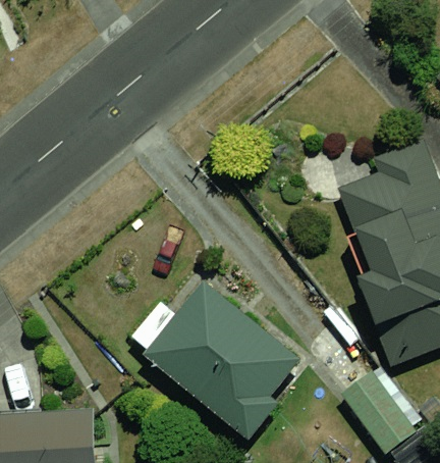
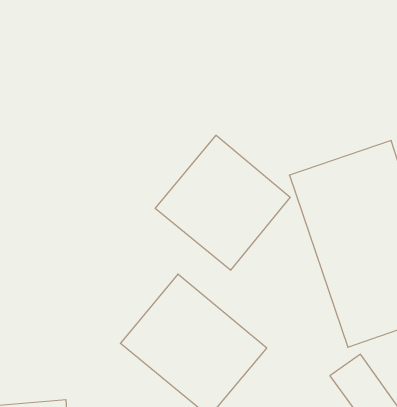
building: none -> [155,135,290,270]

